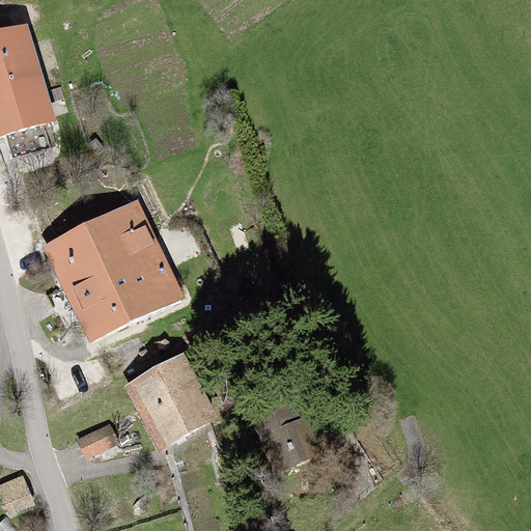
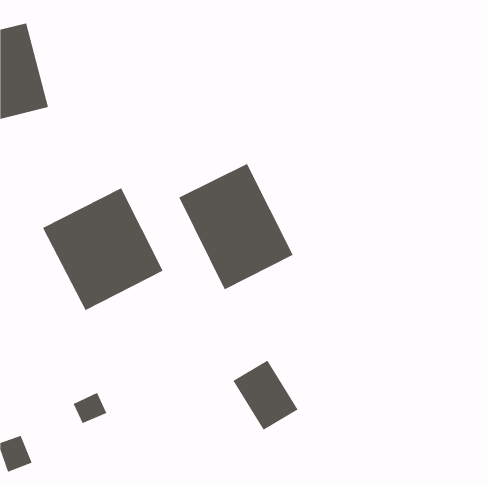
building: none -> [178,163,294,290]
building: [125,355,216,447] -> none

